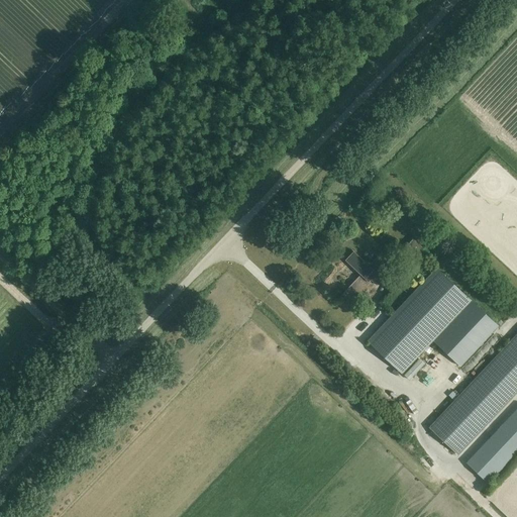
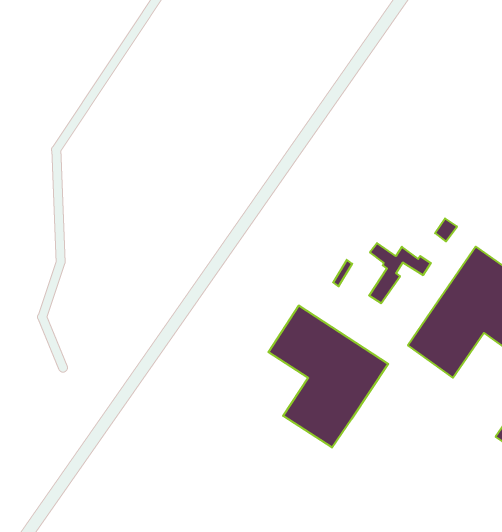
building: none -> [268,305,388,448]

